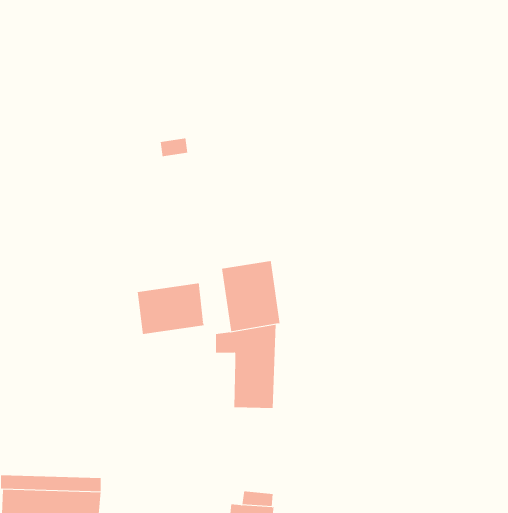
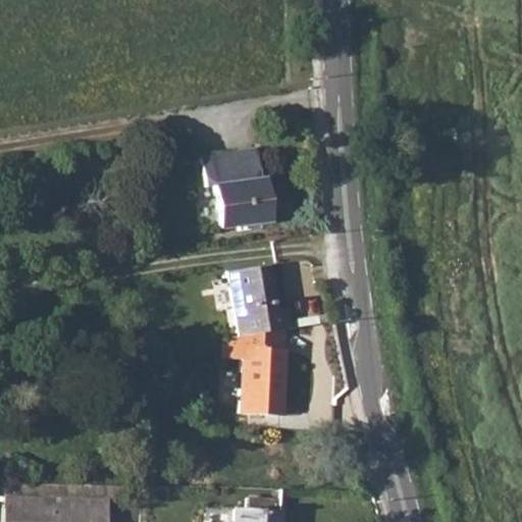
building: none -> [203,151,271,231]
building: [137,283,204,335] -> none

